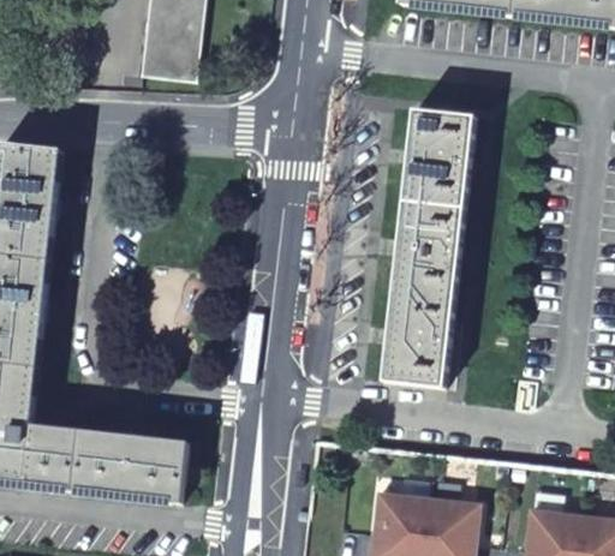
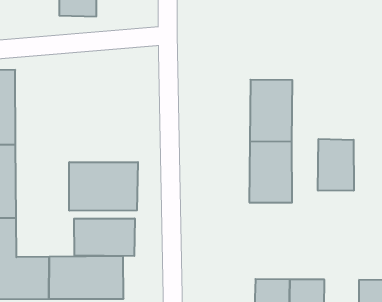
building: [402,108,474,205] -> none
building: none -> [69,162,138,211]
building: none -> [318,139,354,191]
building: none -> [74,218,135,256]

